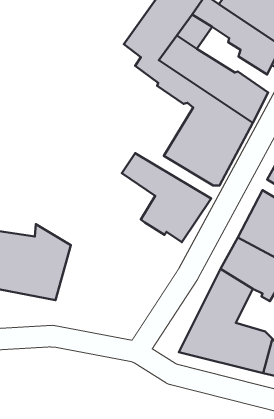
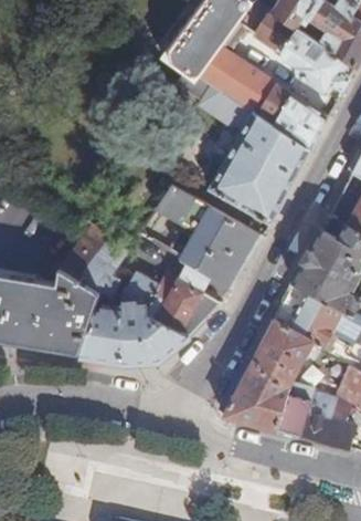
building: none -> [57,223,220,363]

